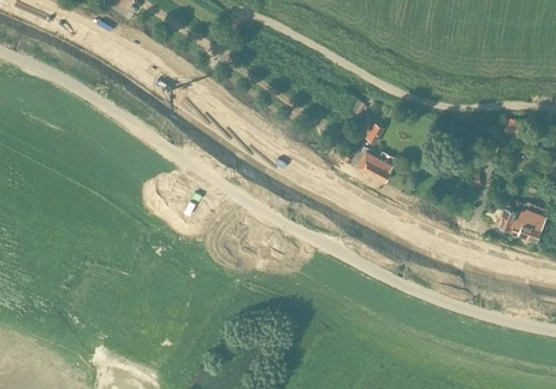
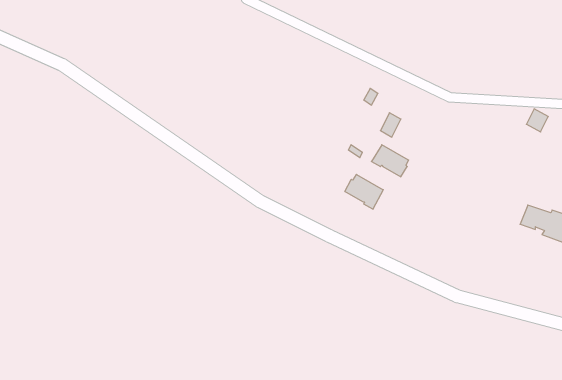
building: none -> [345,174,383,209]

